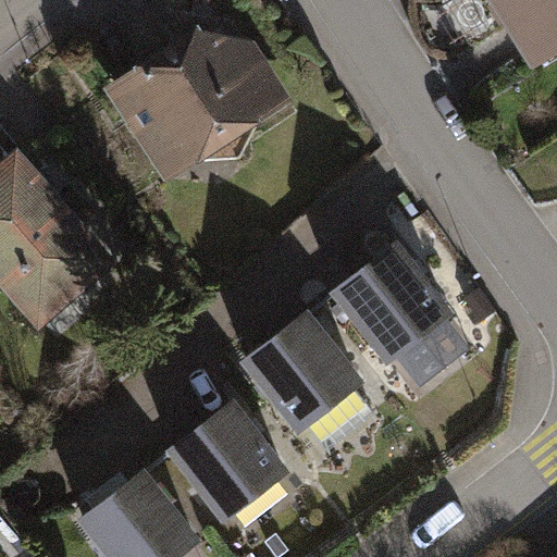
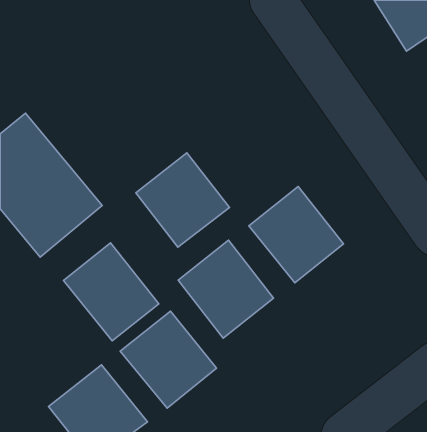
building: [128,16,300,183] -> none
building: none -> [136,153,230,247]
building: none -> [63,243,159,341]

